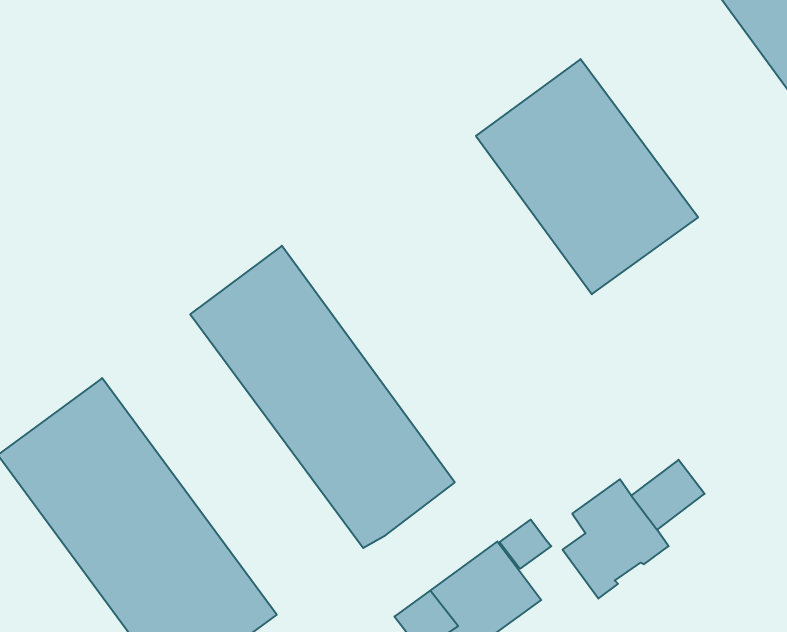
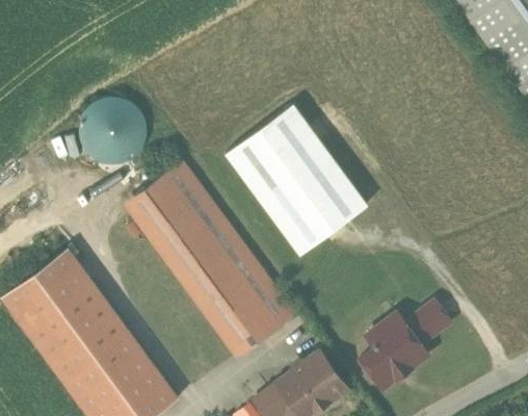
building: [476,59,698,294] -> [227,105,368,255]
building: none -> [79,98,148,165]
building: [499,520,551,569] -> none

